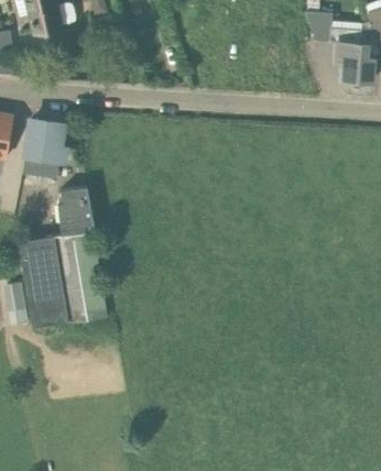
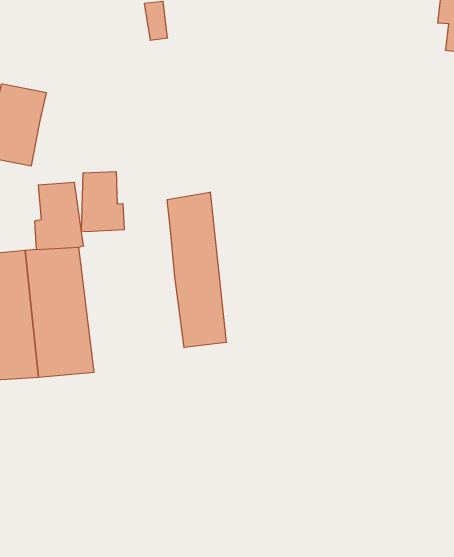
building: none -> [82,172,124,232]
building: none -> [167,192,226,348]

